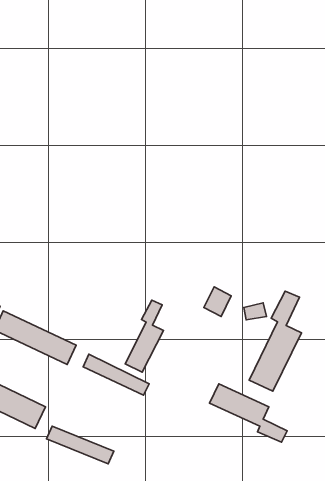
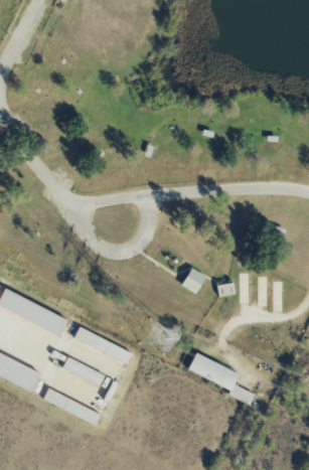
building: [249,291,301,391] -> none
building: [125,300,163,372] -> none

